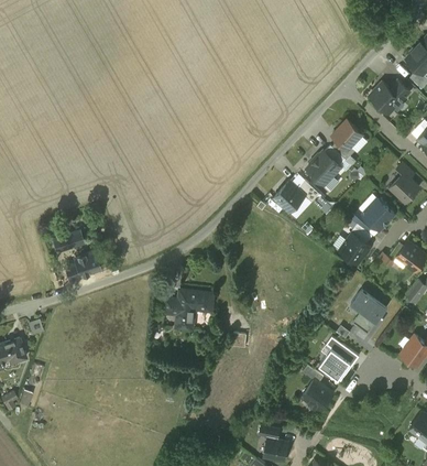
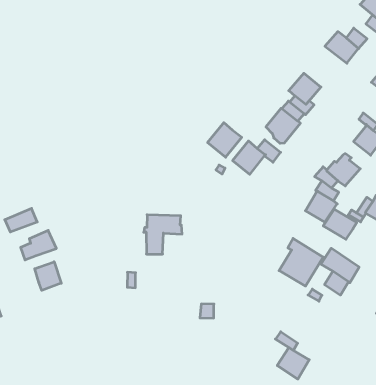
building: none -> [208,123,242,157]
building: none -> [323,209,357,239]
building: none -> [35,262,61,290]
building: [175,290,211,328] -> [144,215,182,254]
building: [317,337,360,383] -> [279,238,323,286]

